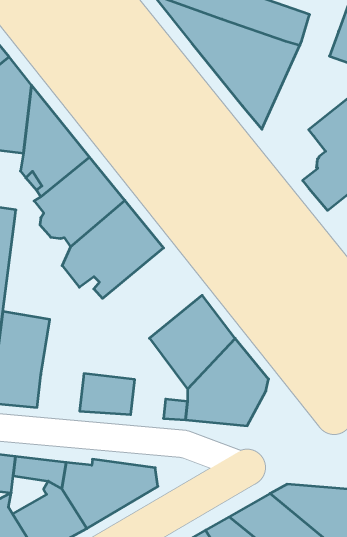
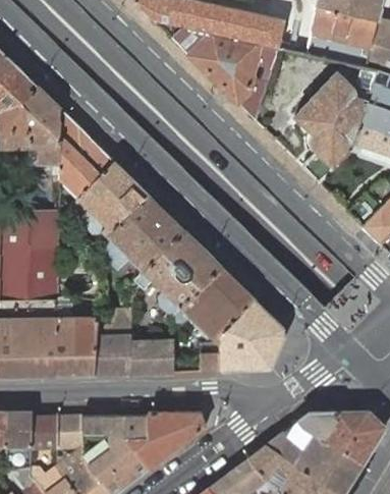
building: none -> [136,229,222,313]
building: none -> [96,346,131,374]

